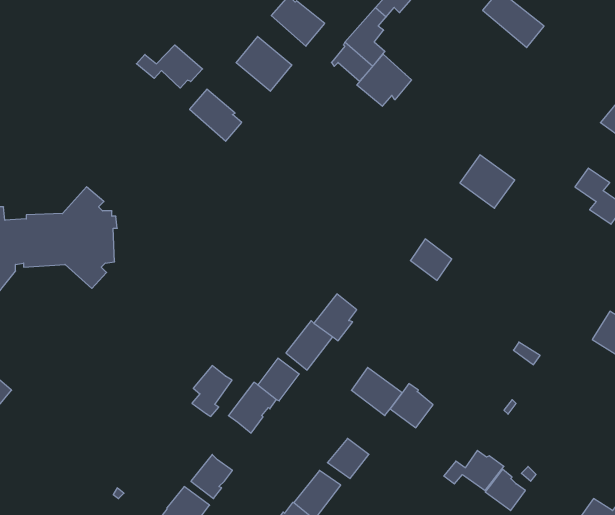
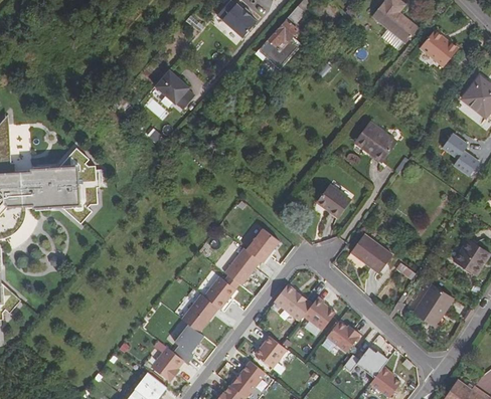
building: none -> [420,30,458,65]
building: [236,36,292,91] -> none
building: [136,45,203,88] -> none
building: [357,54,412,106] -> none
building: none -> [347,233,392,272]
building: [192,366,232,416] -> [173,324,203,362]
building: none -> [414,285,452,327]
building: none -> [326,319,360,350]

